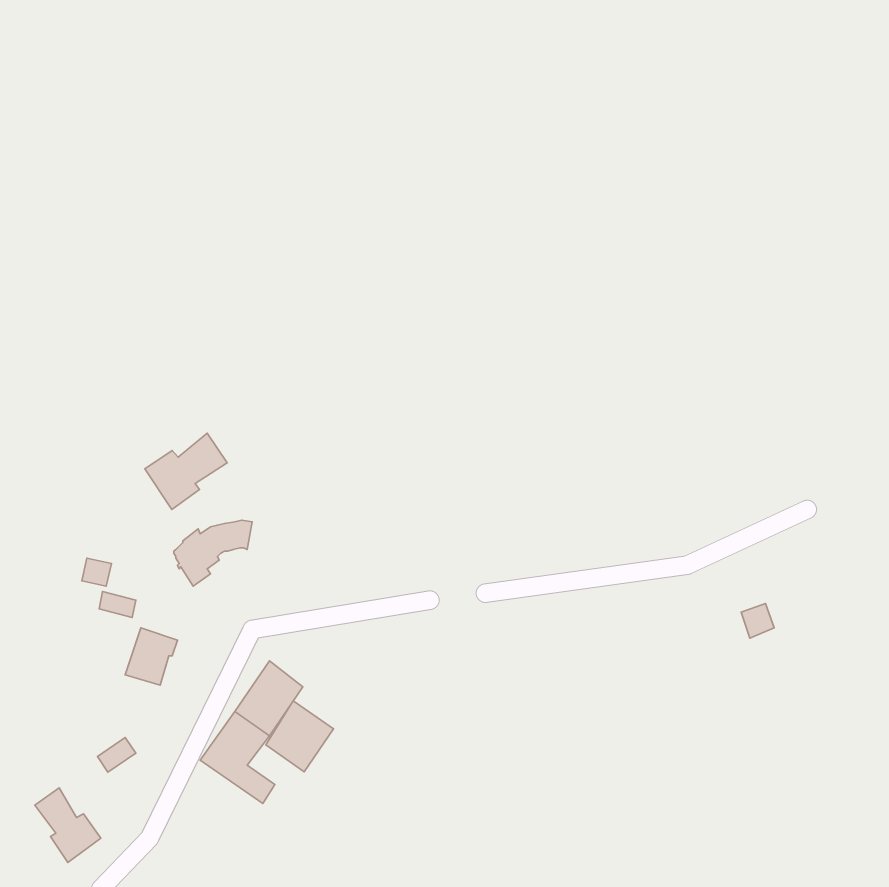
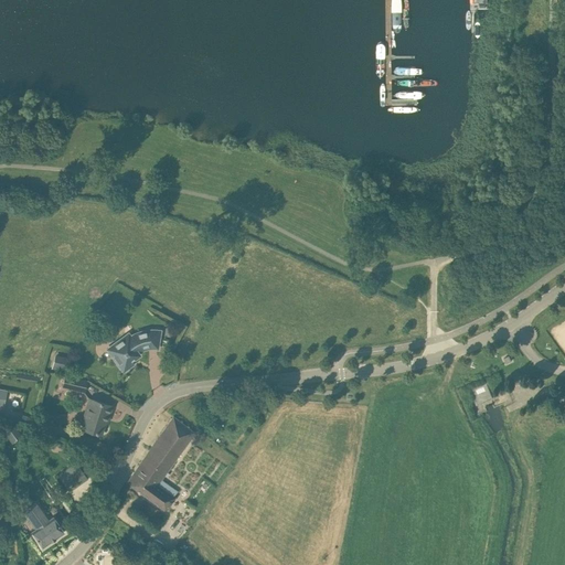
building: [145,433,227,510] -> none
building: [266,701,334,772] -> none

